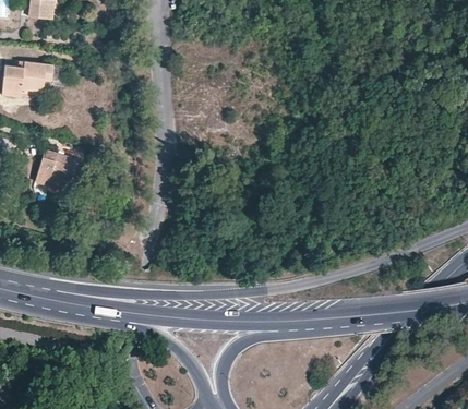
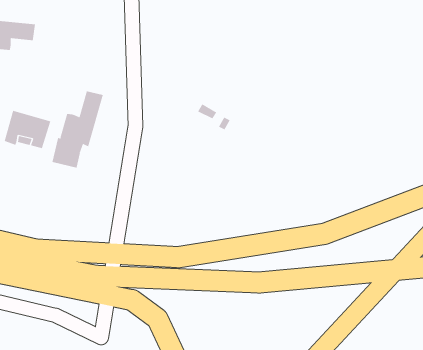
building: none -> [52,90,104,168]

